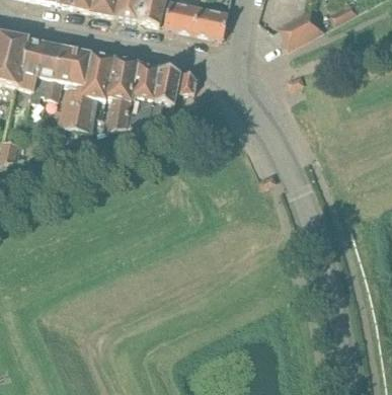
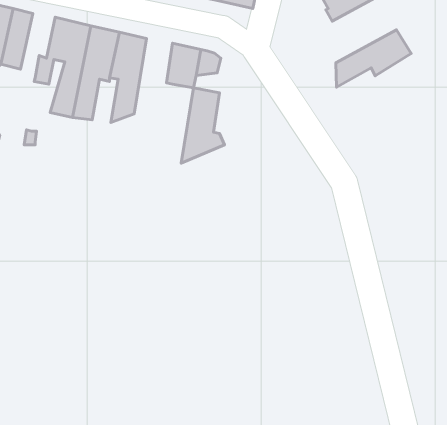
building: [30,44,61,103] -> none
building: none -> [336,30,411,87]
building: [126,64,161,126] -> [181,88,224,163]

